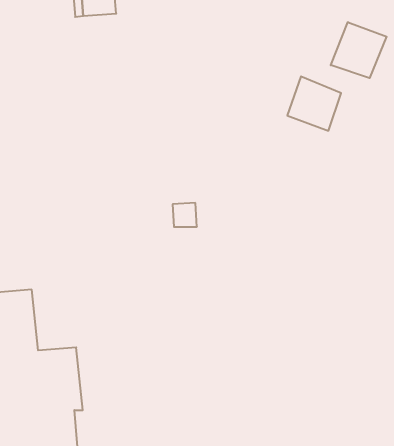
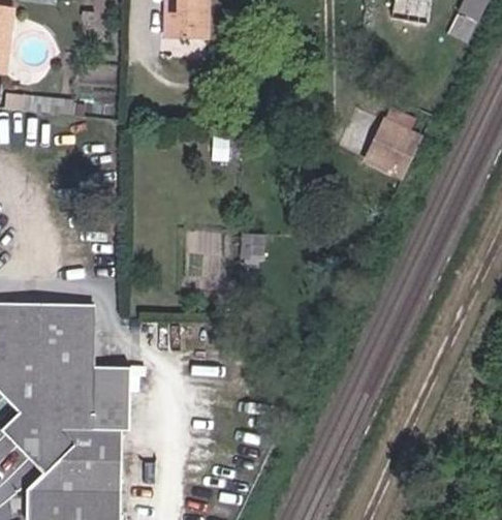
building: [331,22,387,78] -> none

